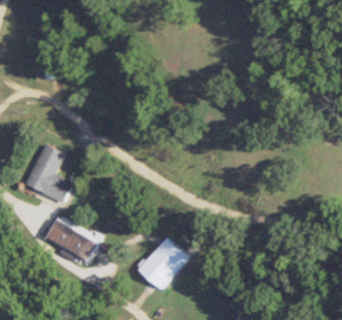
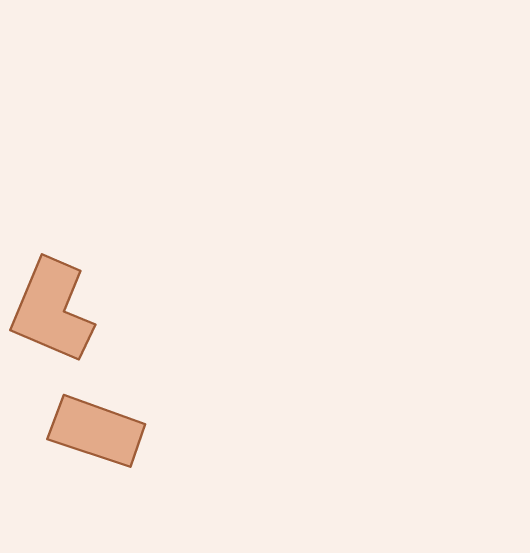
building: [136,237,188,289] -> none

